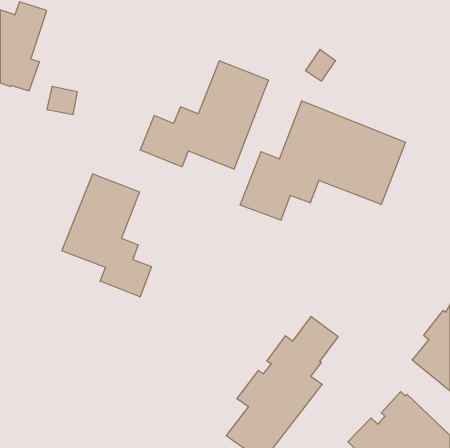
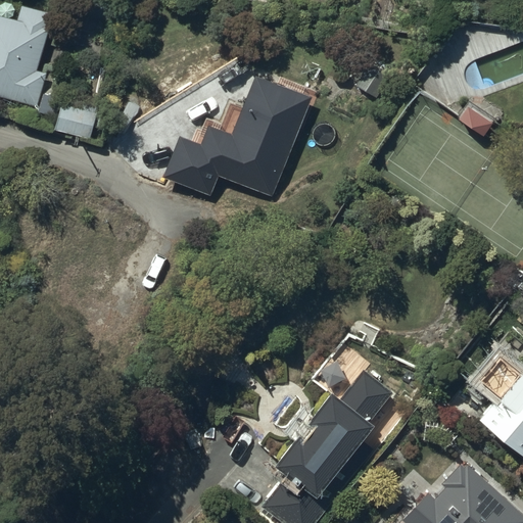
building: [240,101,406,220] -> none
building: [62,174,151,297] -> none

